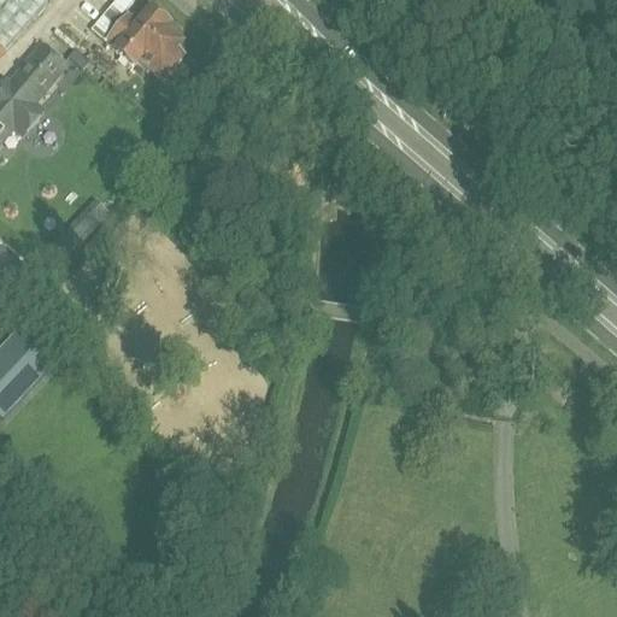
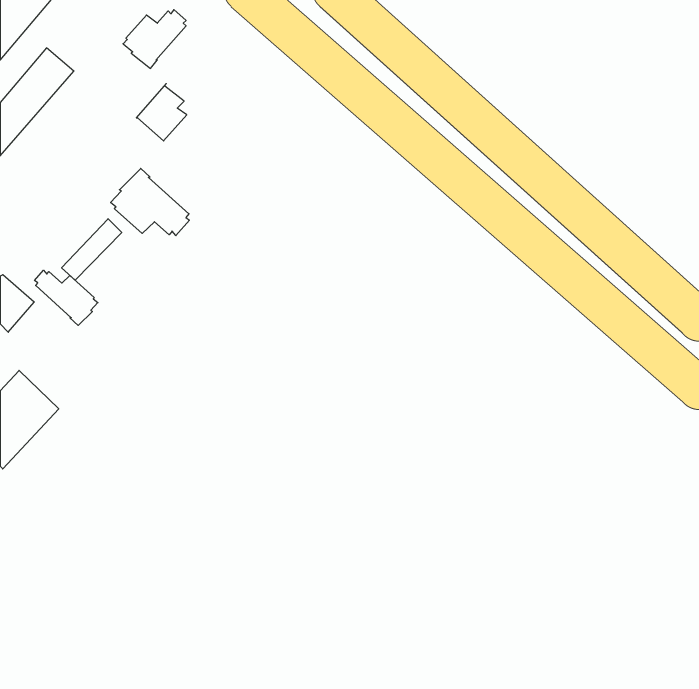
building: [137,23,182,74] -> [136,84,187,141]
building: none -> [111,168,189,236]
building: none -> [35,270,98,325]

